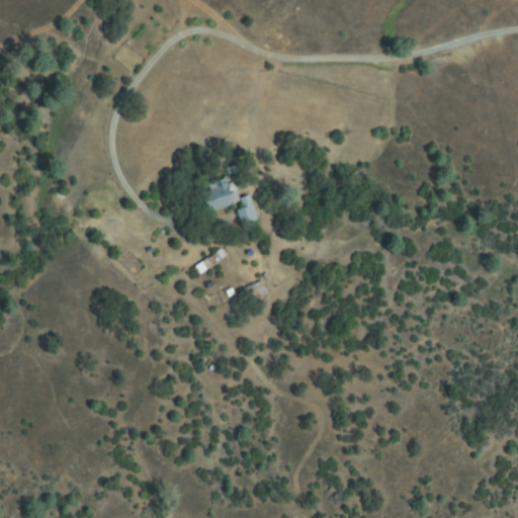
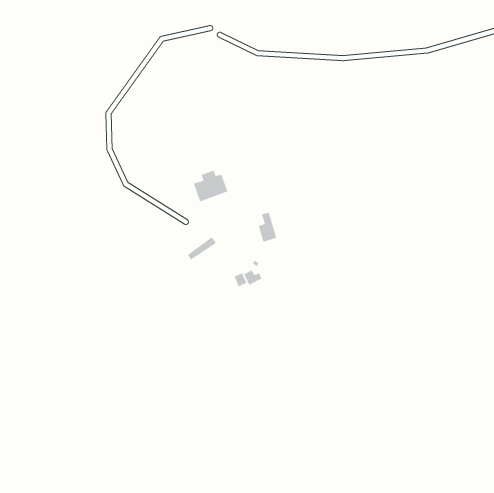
building: [238,194,258,227] -> [258,212,277,243]

